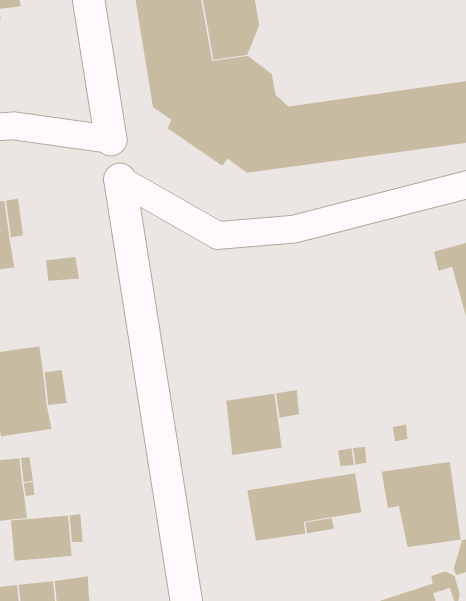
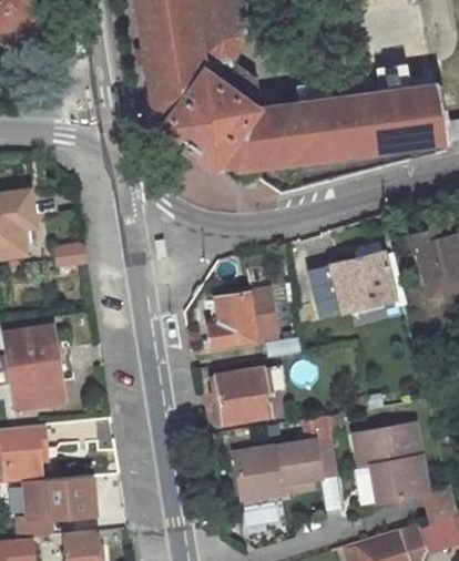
building: none -> [308,255,390,318]
building: none -> [206,288,274,346]

